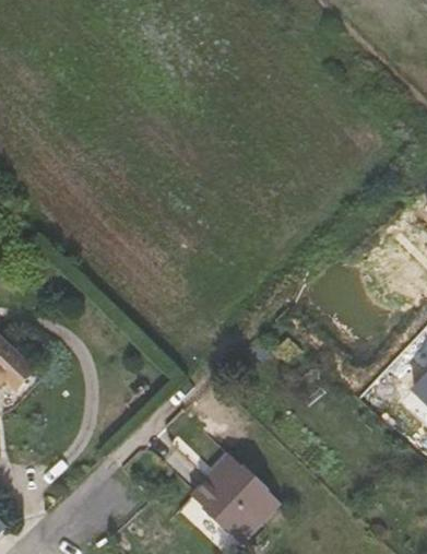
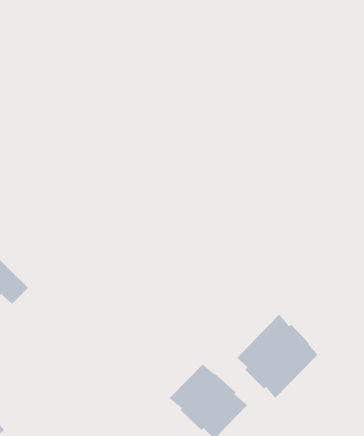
building: none -> [236,314,318,399]

